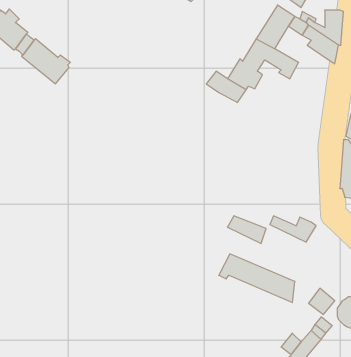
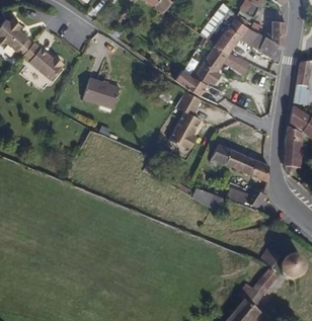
building: none -> [83,77,120,108]
building: none -> [170,92,201,150]
building: [219,254,295,303] -> [209,144,270,183]

